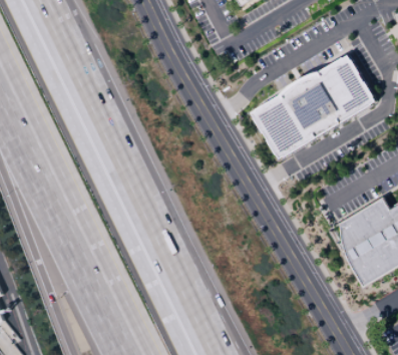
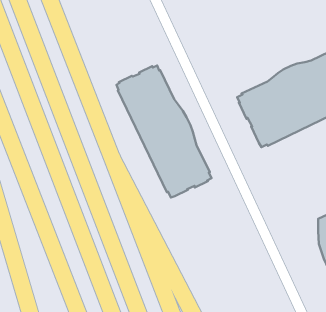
building: none -> [116,65,212,198]

